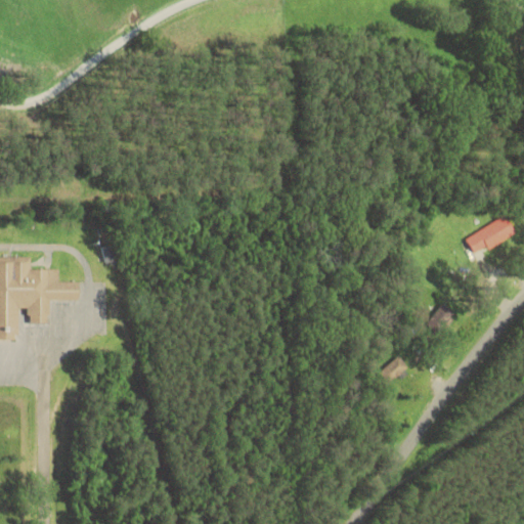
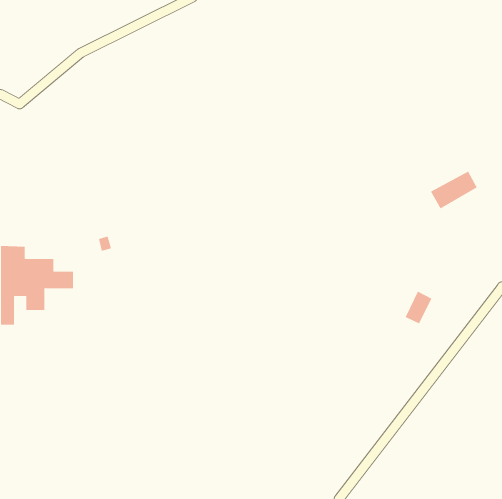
building: [464,216,513,256] -> [430,171,477,209]
building: [377,355,404,384] -> none

